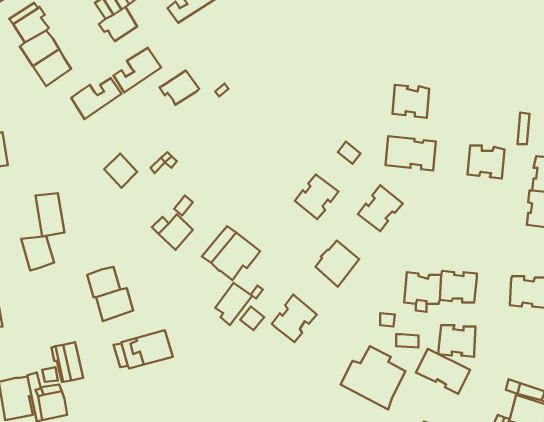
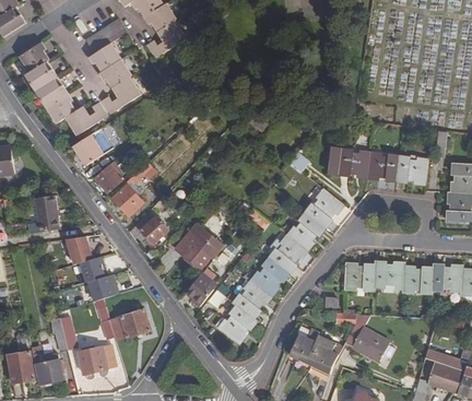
building: none -> [46,94,75,123]
building: [159,70,199,105] -> [99,59,132,87]
building: [392,85,429,118] -> [366,154,397,181]
building: none -> [73,127,114,165]
building: [295,174,338,219] -> [286,214,322,251]
building: none -> [111,185,142,215]
building: [21,236,54,270] -> [64,238,92,267]
building: none -> [250,258,287,297]
building: [439,325,476,357] -> [400,267,430,293]
building: none -> [217,307,255,344]
building: none -> [79,345,115,376]

